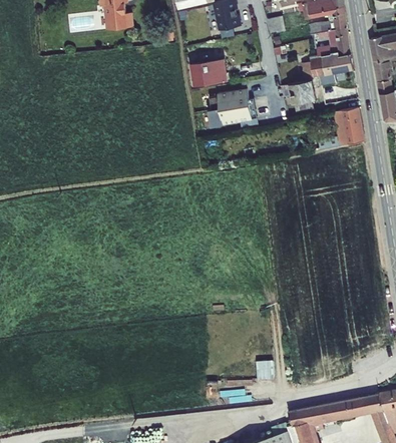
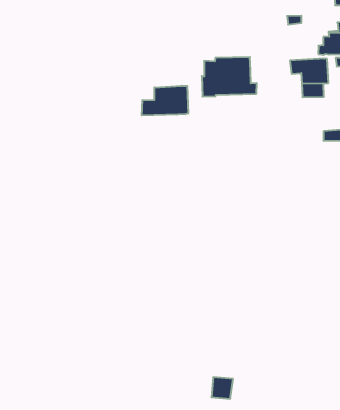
building: [191,59,228,85] -> none
building: none -> [142,86,188,115]

